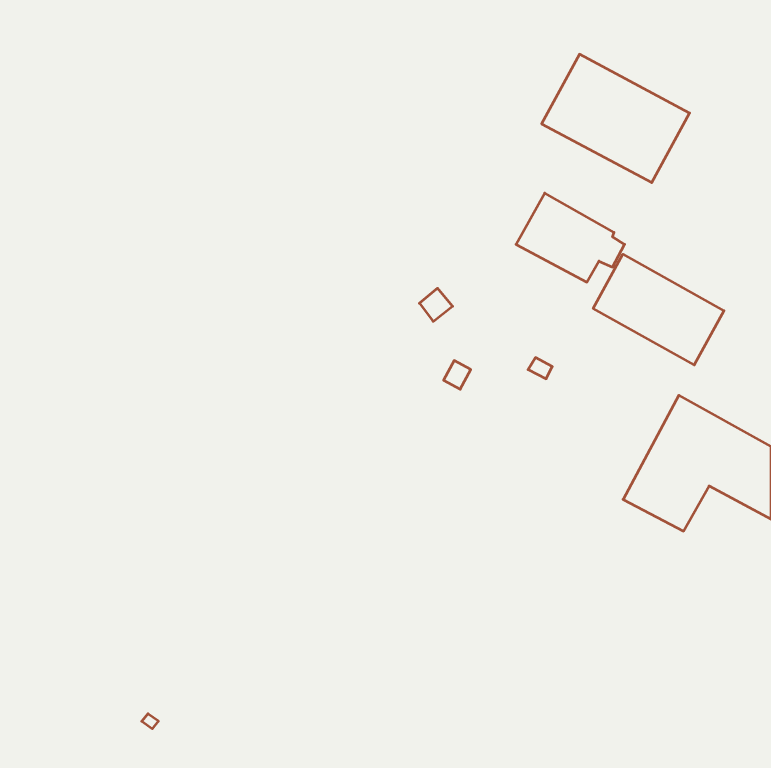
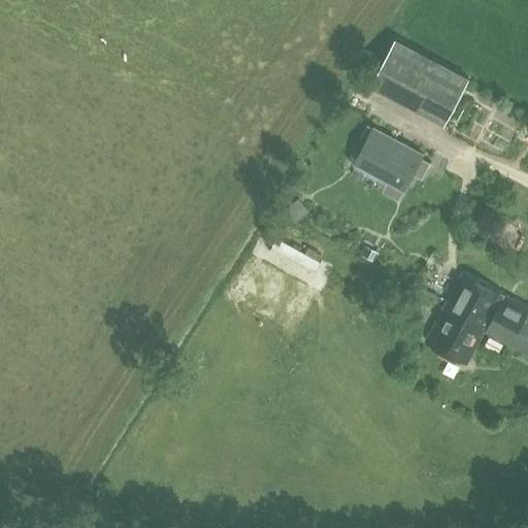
building: [593,254,724,365] -> none

